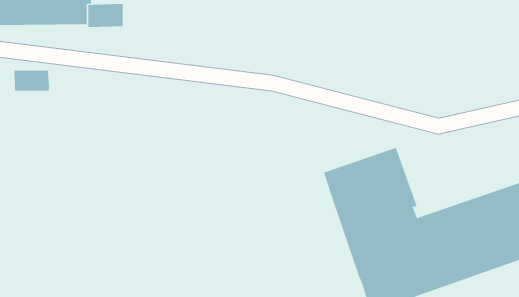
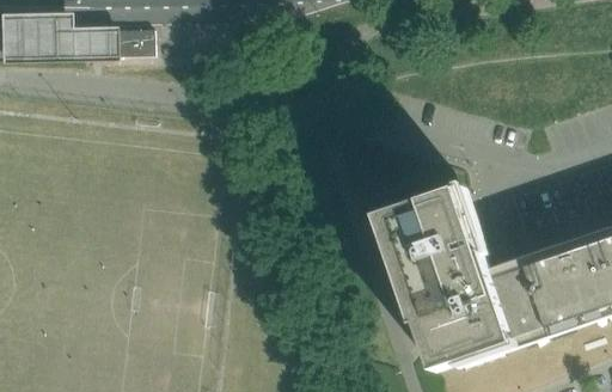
building: [14,70,49,91] -> none

